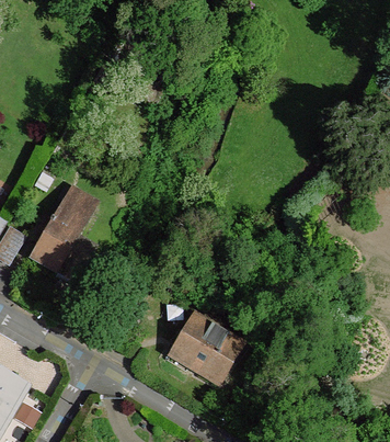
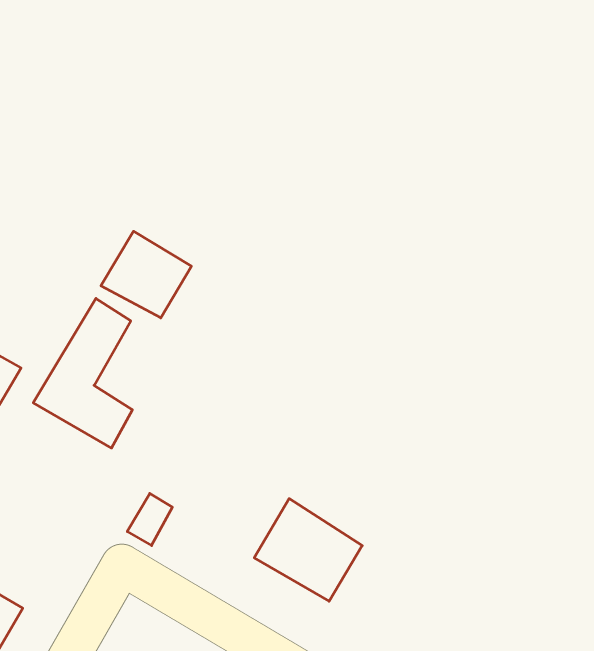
building: none -> [101,231,191,318]

